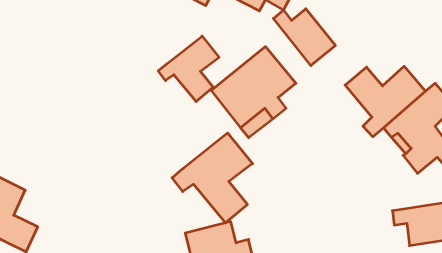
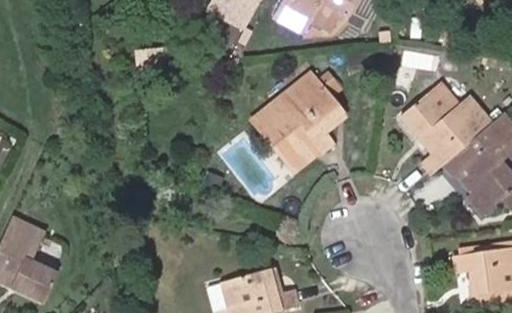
building: [273,9,335,66] -> none
building: [158,36,219,102] -> none
building: [172,133,253,223] -> none

